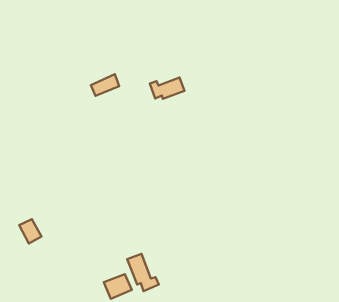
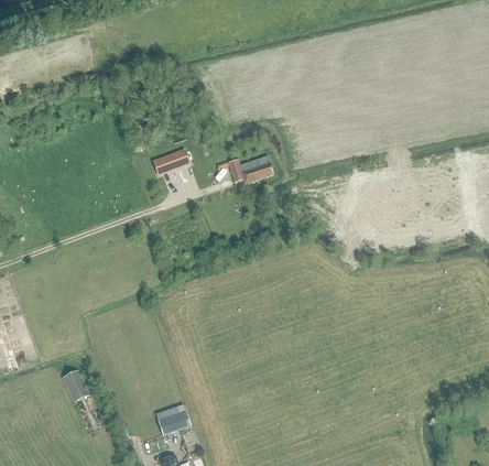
building: [19,219,41,243] -> [61,370,88,401]
building: [127,254,159,291] -> none

